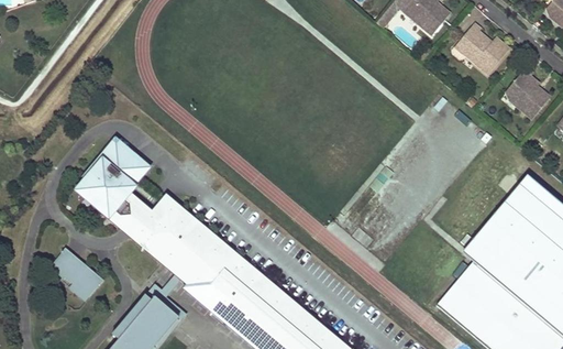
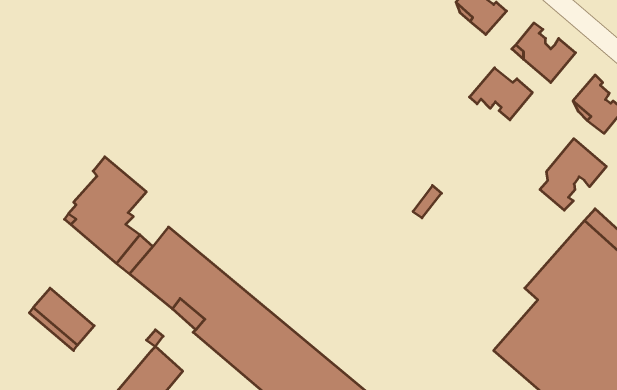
building: none -> [469,68,532,120]
building: none -> [540,139,606,210]

